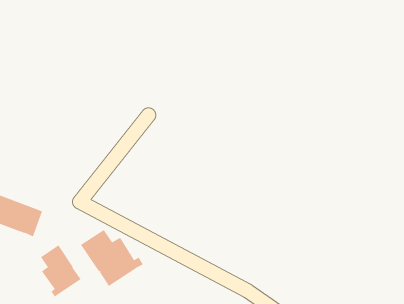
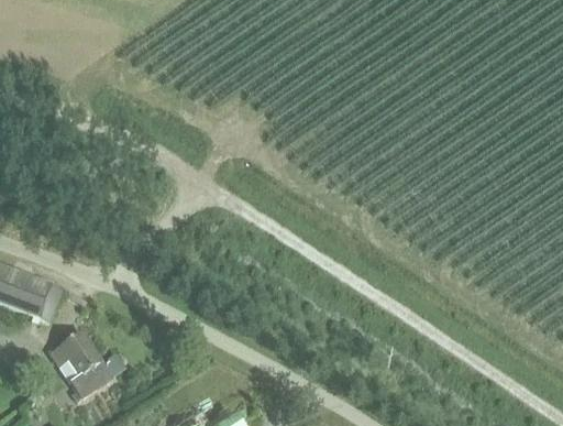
building: [80,229,143,287] -> none

